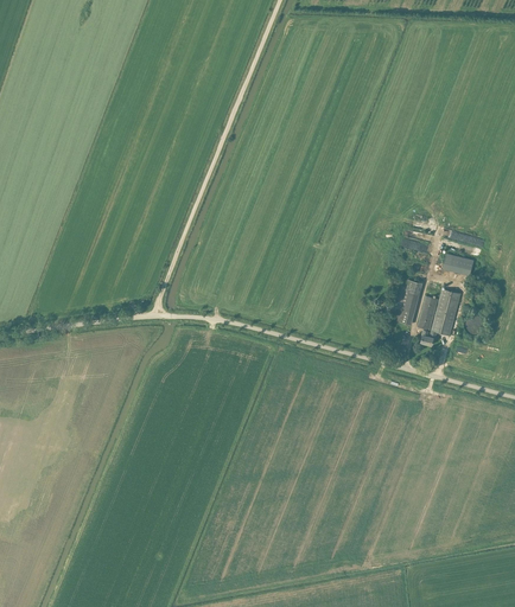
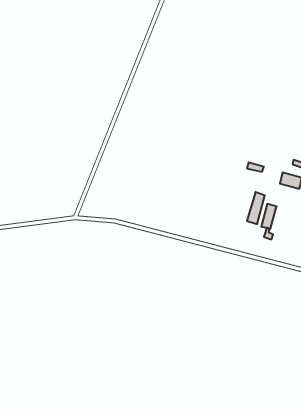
building: [431,289,460,337] -> none

